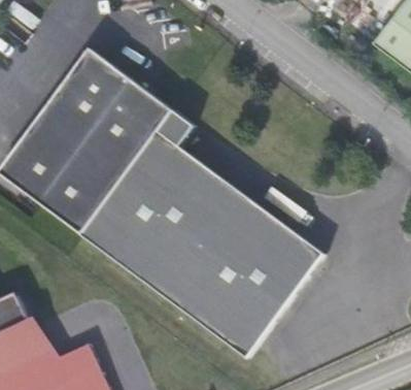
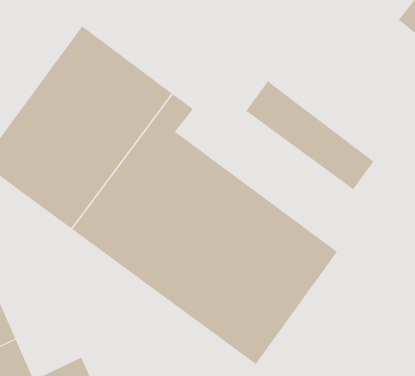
building: none -> [246,80,374,190]

